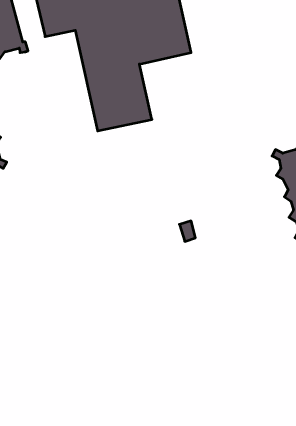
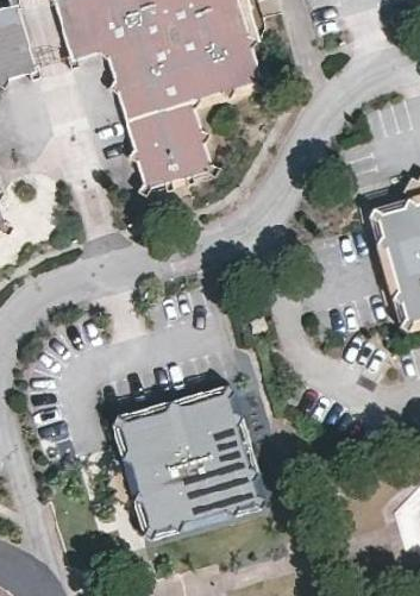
building: none -> [111,385,265,539]

